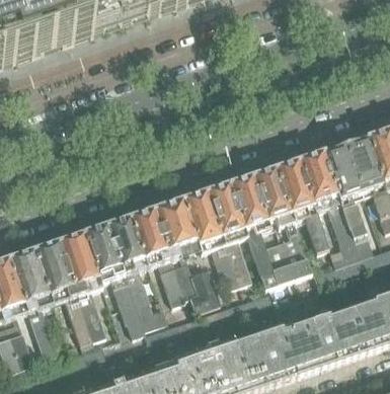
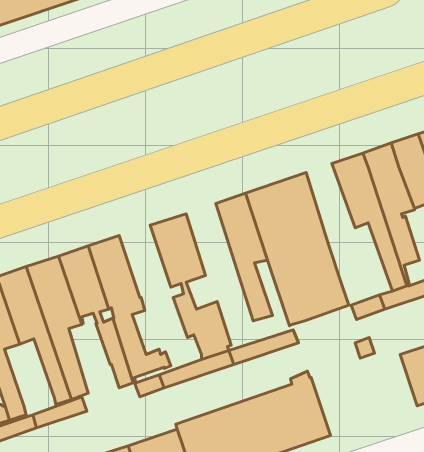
building: [277,159,327,249] -> none
building: [182,190,235,287] -> none
building: [130,208,184,303] -> none
building: [282,309,364,373] -> none

